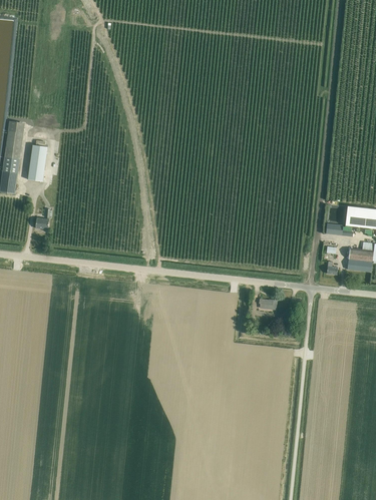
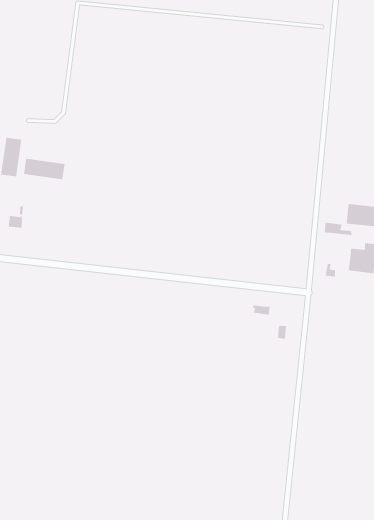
building: none -> [23,158,65,180]

